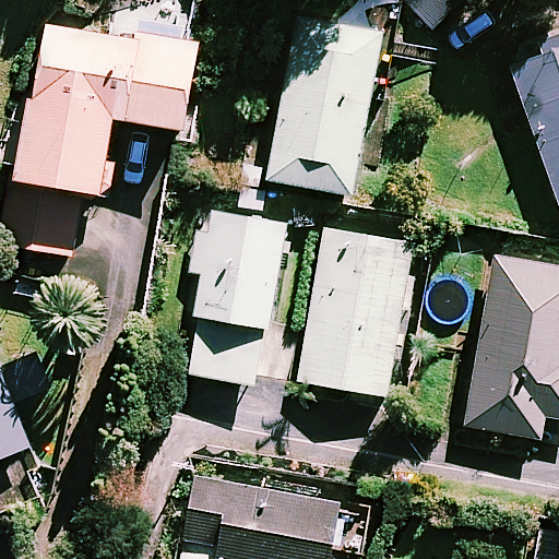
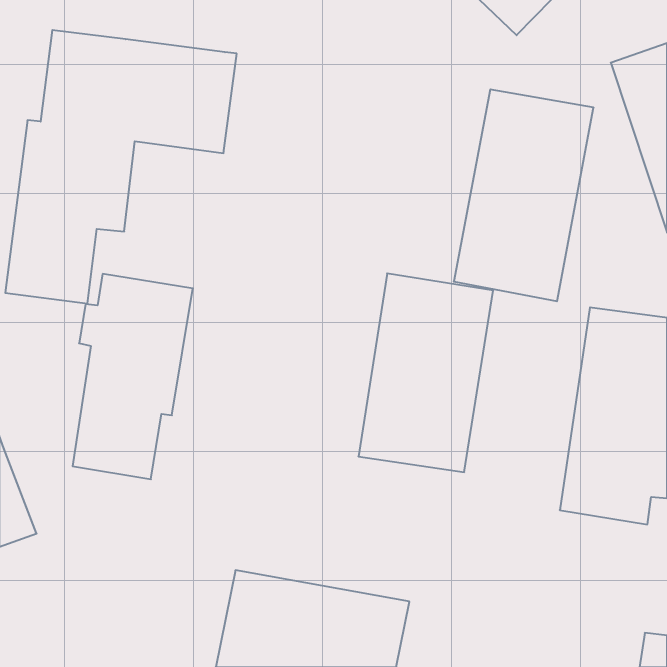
building: [266,17,383,194] -> [454,89,594,301]
building: [186,212,286,383] -> [73,274,193,479]

